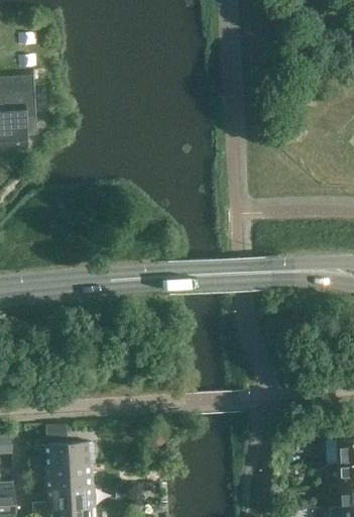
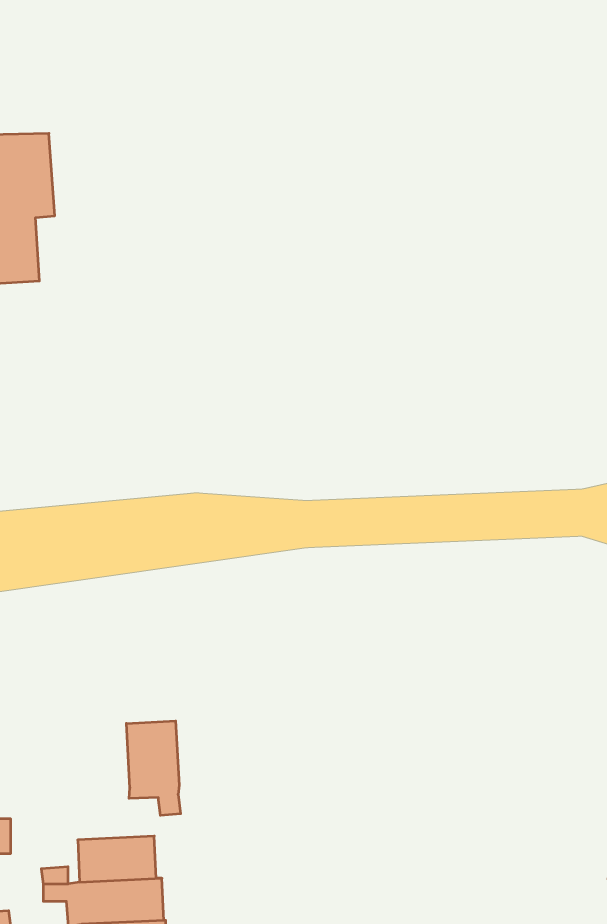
building: none -> [126,721,181,815]

